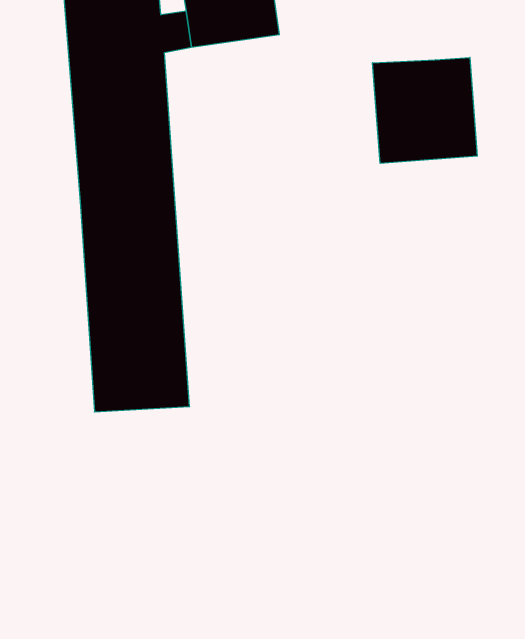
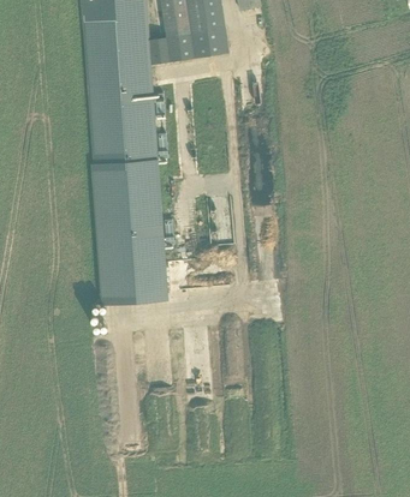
building: [373,57,477,163] -> none

